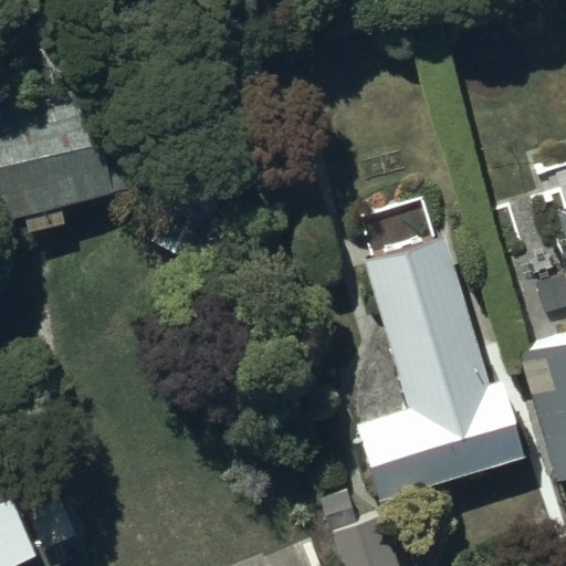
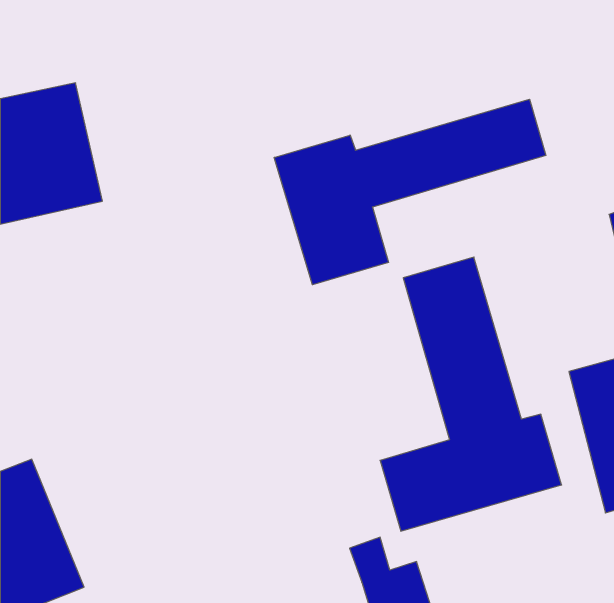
building: none -> [274,99,546,285]

